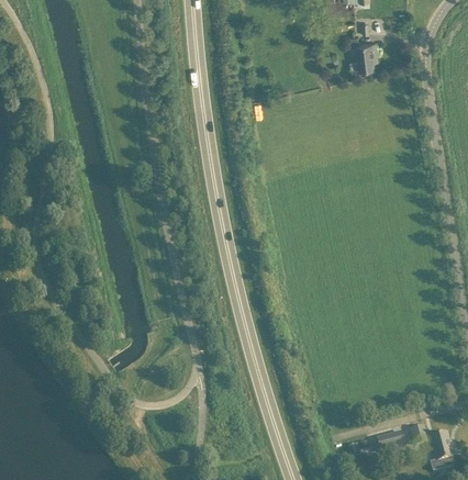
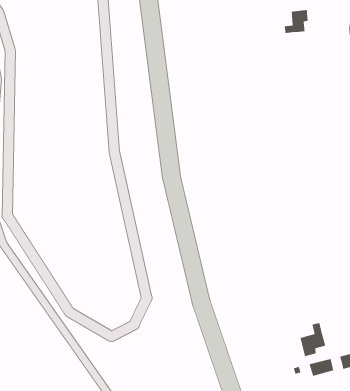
building: none -> [300,322,326,357]

